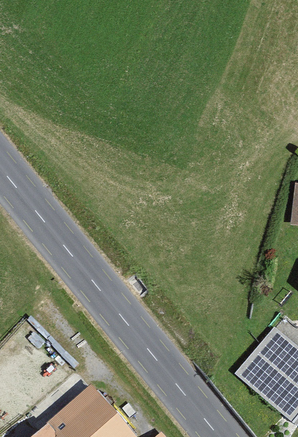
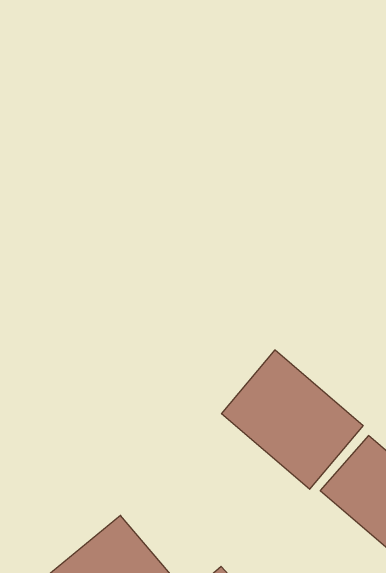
building: none -> [222,350,363,489]

